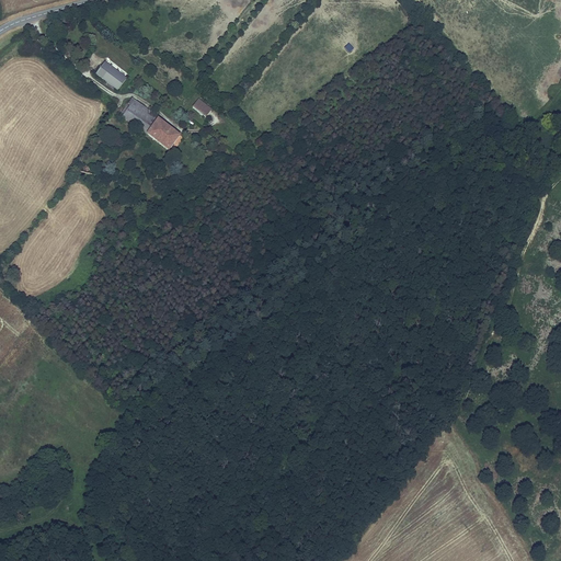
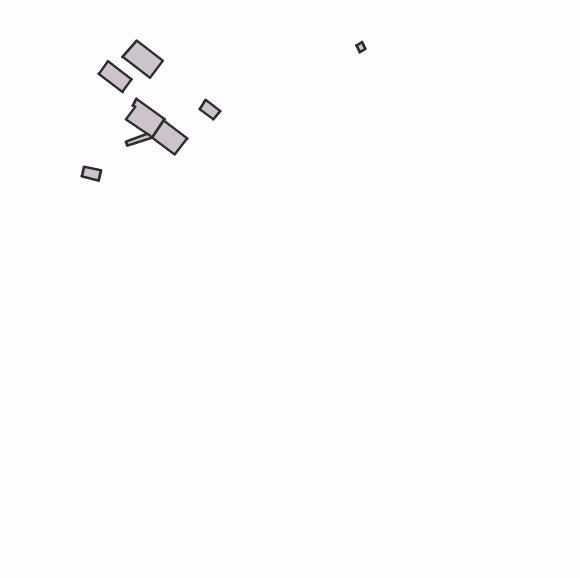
building: none -> [122,41,163,78]

